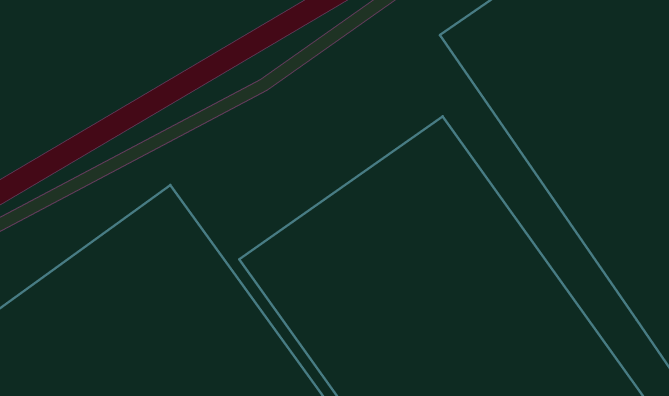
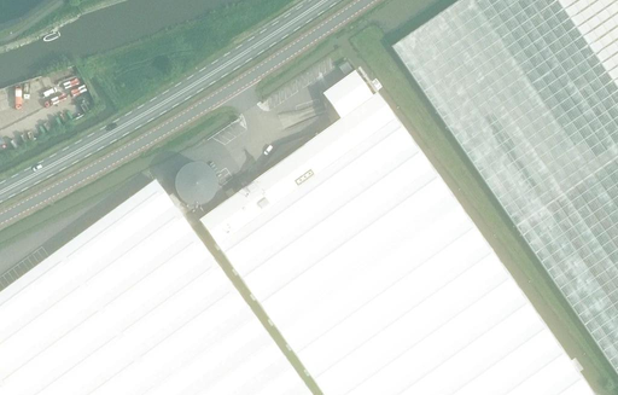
building: none -> [198,70,395,244]

